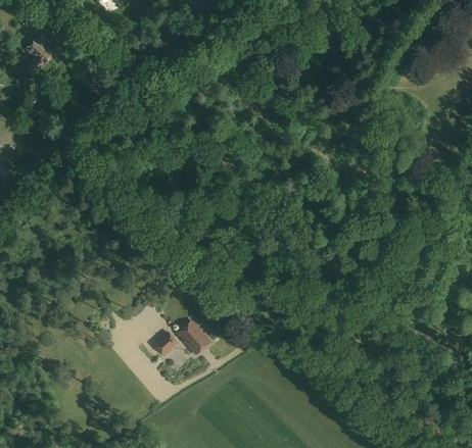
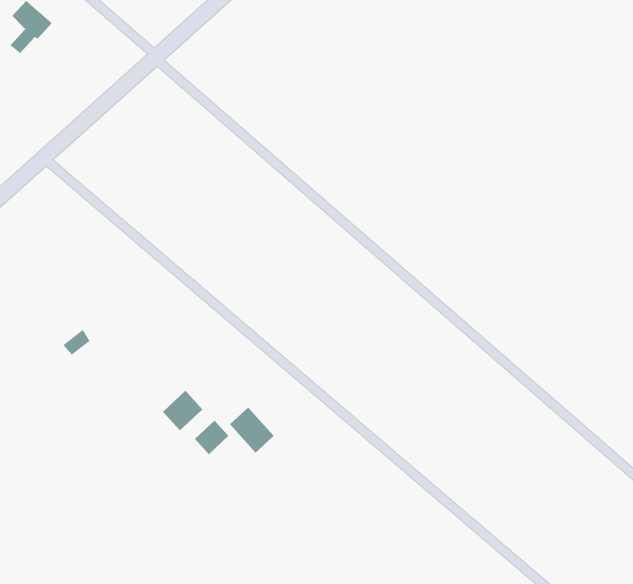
building: none -> [162,390,203,431]

